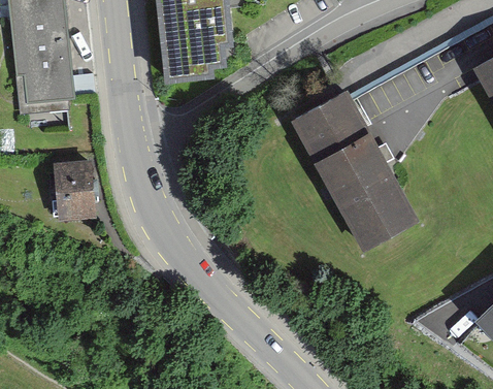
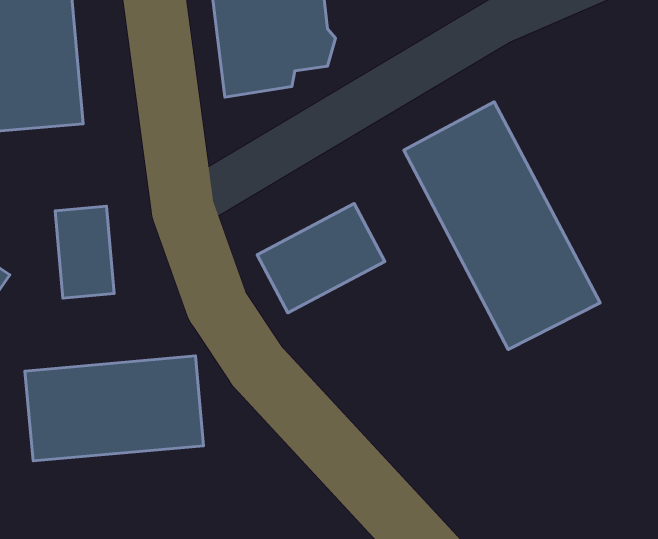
building: none -> [257,204,385,313]
building: none -> [25,356,204,461]

